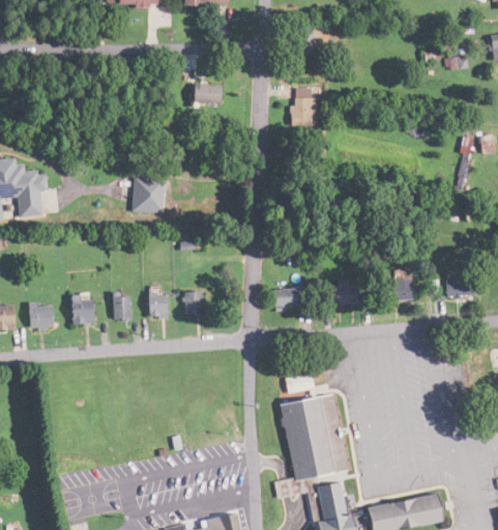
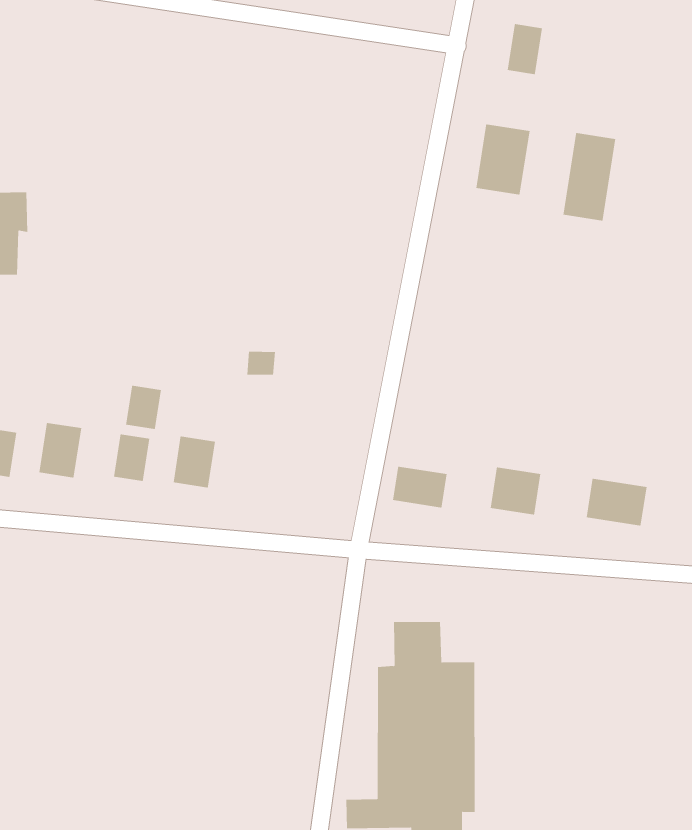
building: none -> [563,132,616,221]
building: [191,85,222,104] -> none
building: [134,178,165,212] -> none
building: none -> [125,385,162,430]
building: [182,291,202,315] -> none

